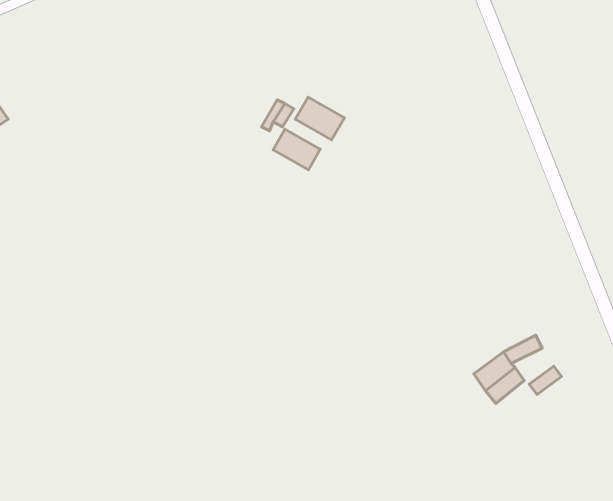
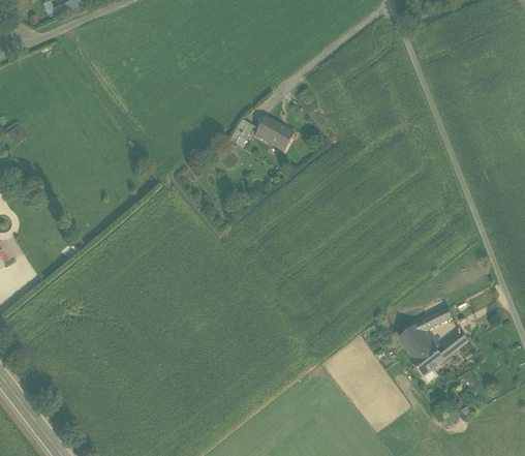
building: [273,129,320,170] -> none
building: none -> [410,339,446,371]

